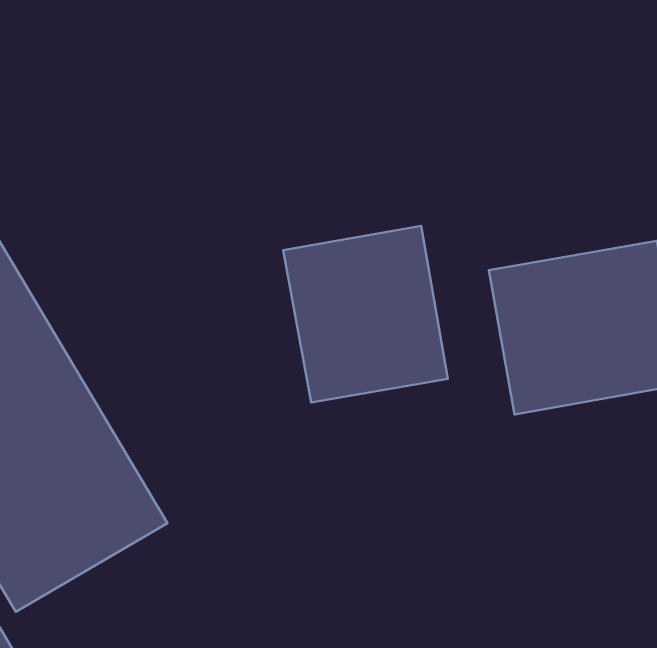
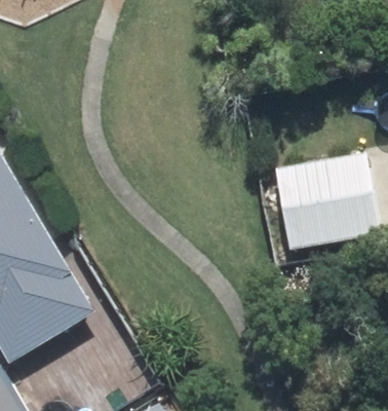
building: [283,226,448,402] -> none

